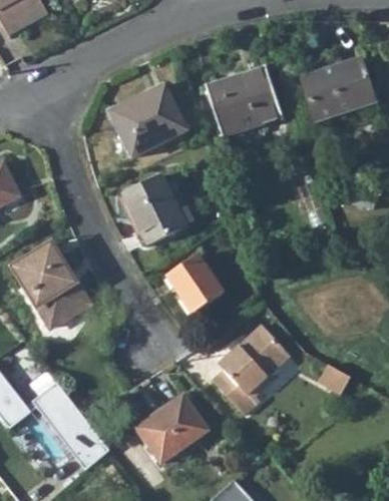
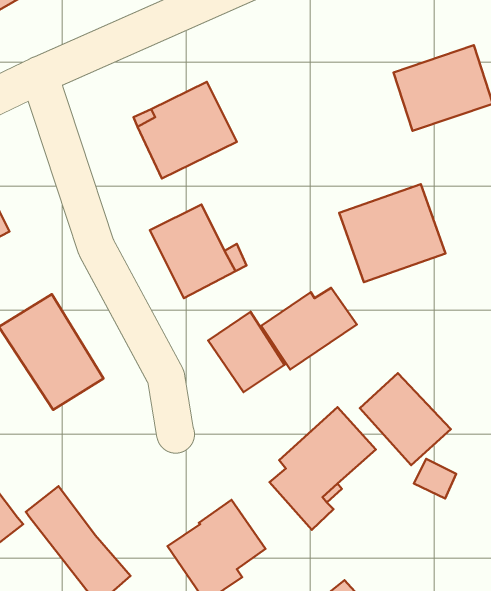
building: [205,64,283,136] -> [339,184,445,282]
building: none -> [261,288,357,370]
building: none -> [360,373,451,465]

